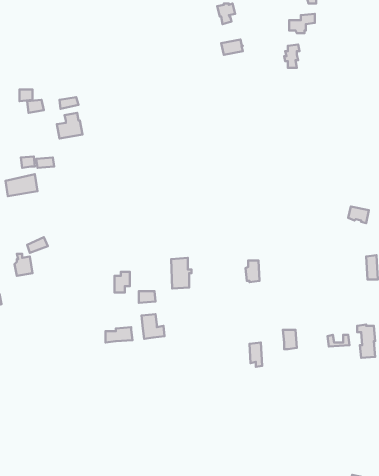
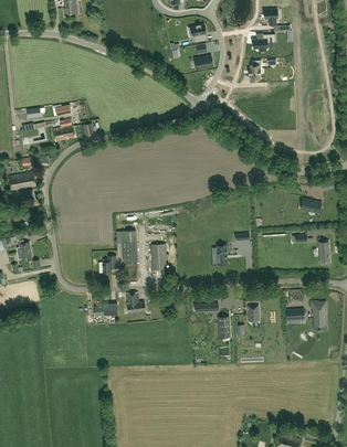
building: none -> [115,230,137,263]

